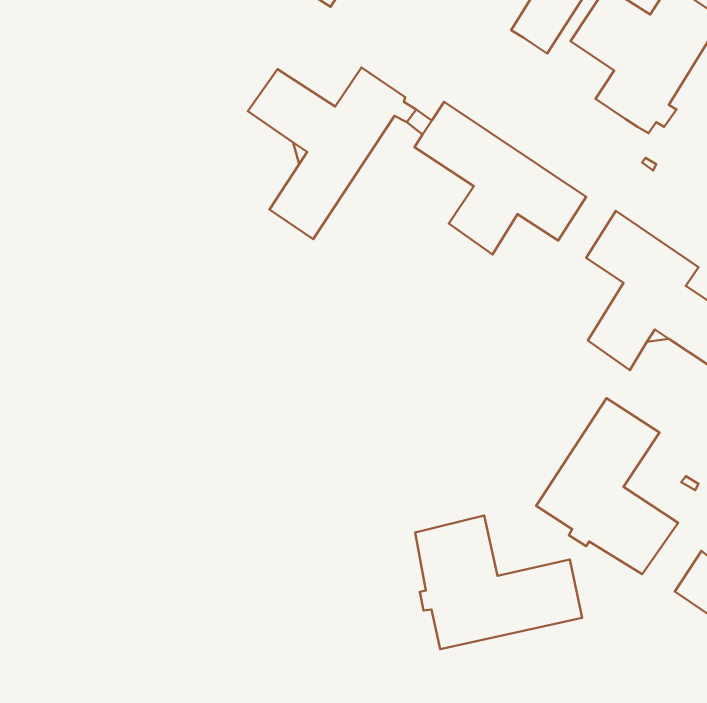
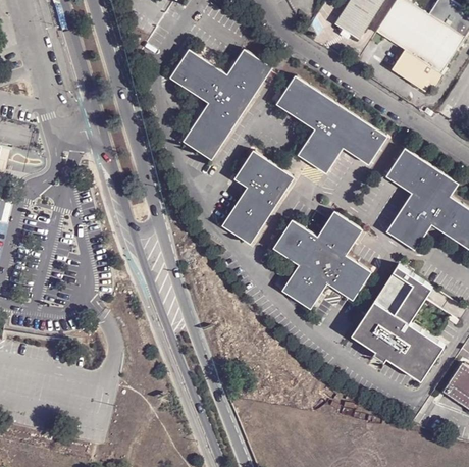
building: none -> [221,149,294,243]
building: none -> [272,208,372,308]
building: [415,516,582,649] -> none

